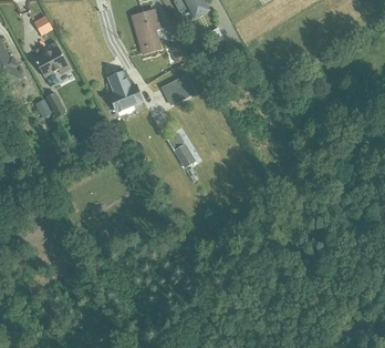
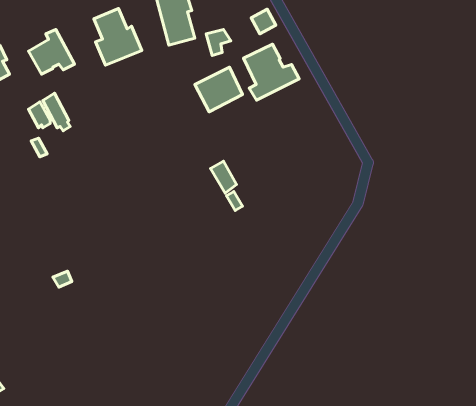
building: none -> [244,44,299,100]
building: [106,69,143,112] -> [94,9,142,65]

